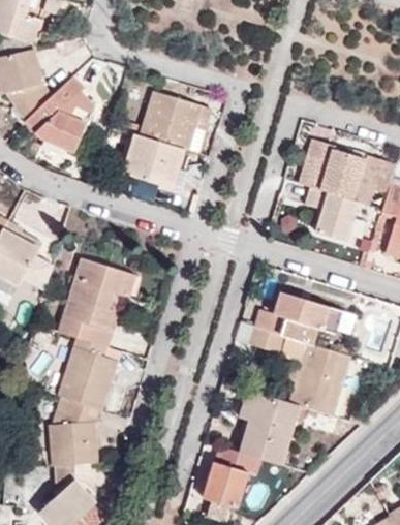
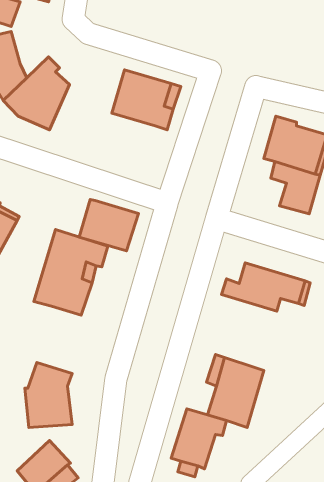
building: [123,134,185,188] -> [79,200,138,251]
building: [249,326,349,414] -> none
building: [59,338,120,409] -> none

